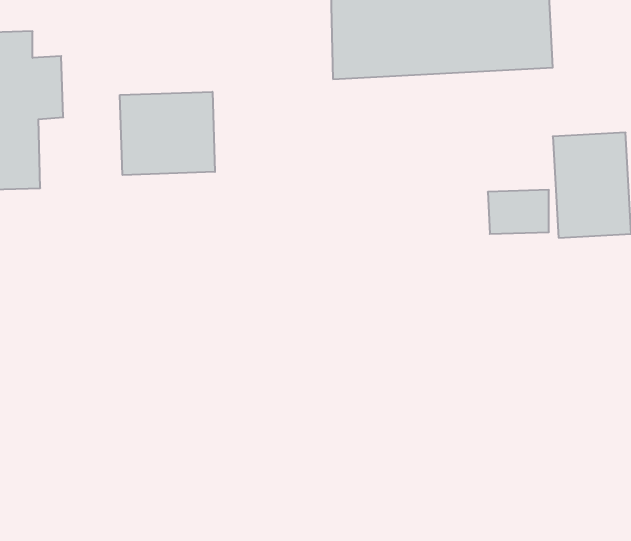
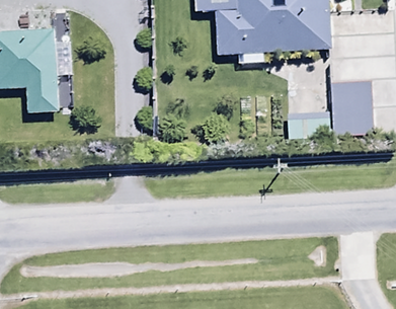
building: [120,92,215,175] -> none

